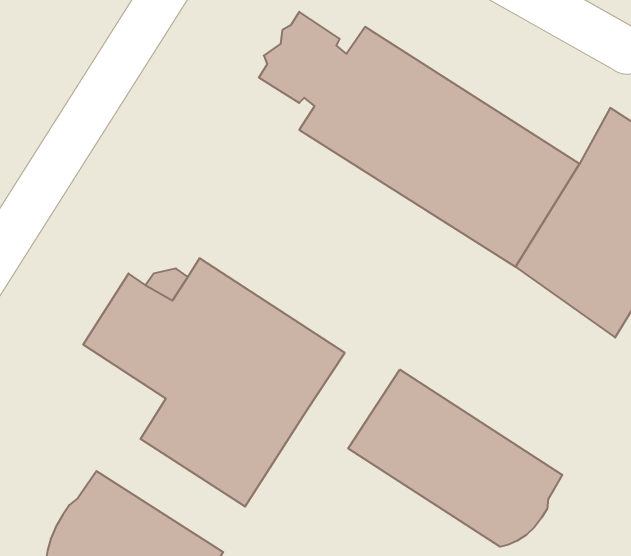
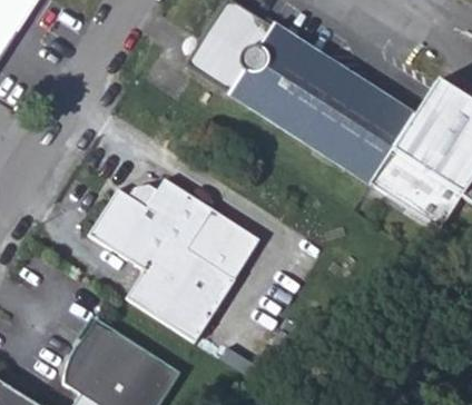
building: [348,370,562,547] -> none

